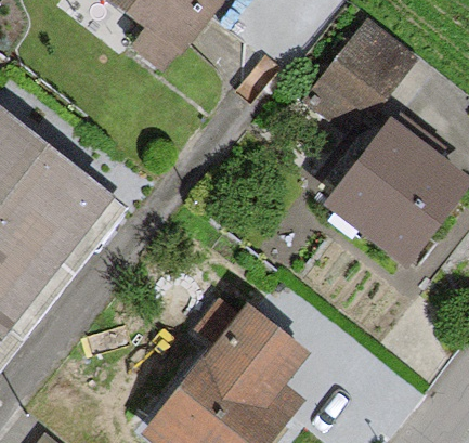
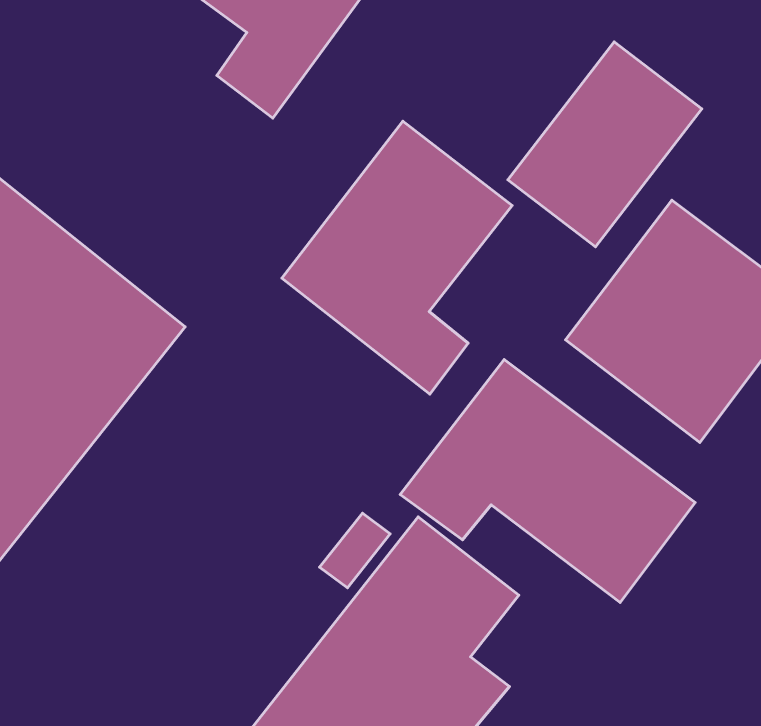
building: none -> [282,121,512,394]
building: none -> [400,359,695,602]

